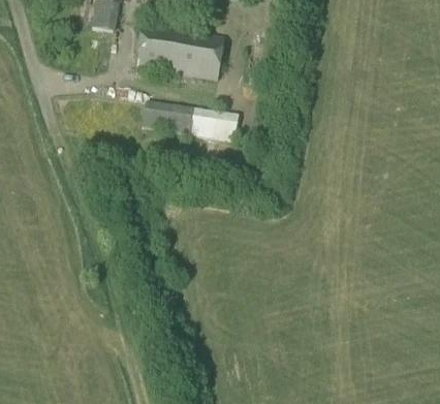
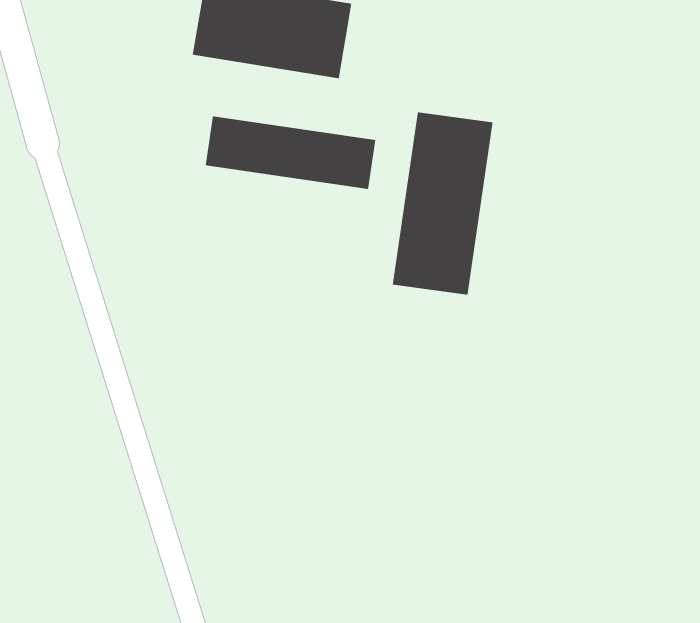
building: none -> [392,112,493,295]

